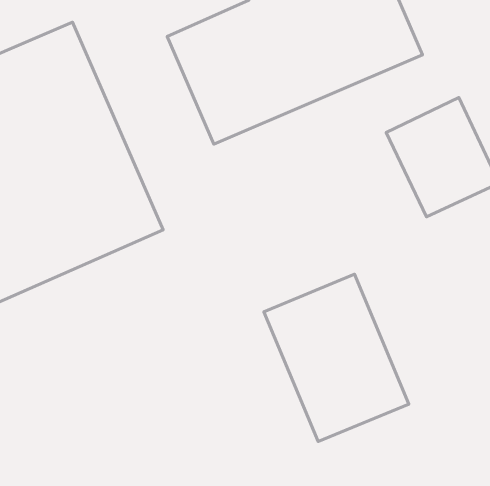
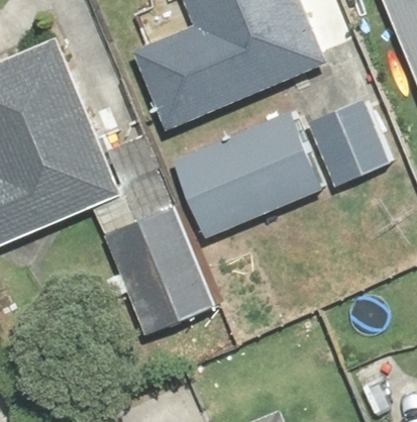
building: none -> [167,109,320,237]
building: [264,274,409,442] -> [104,209,217,339]

